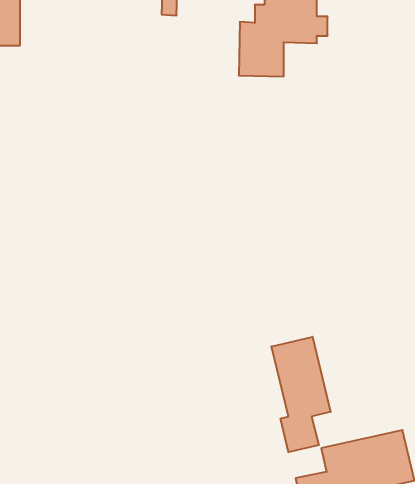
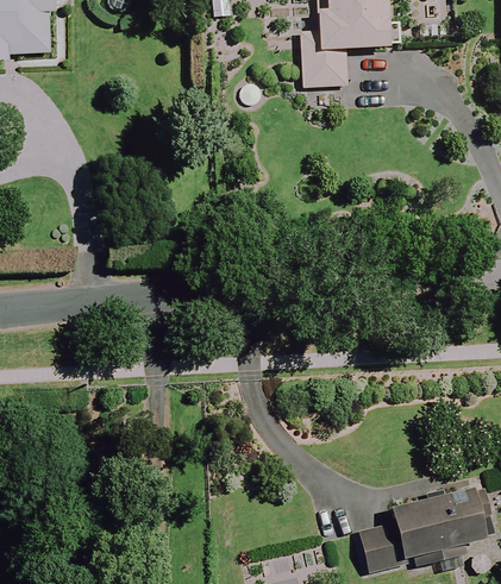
building: [271,337,331,452] -> none

